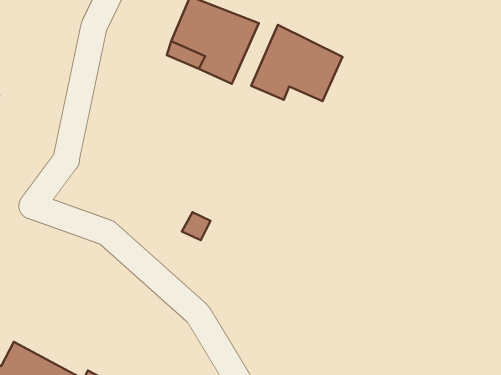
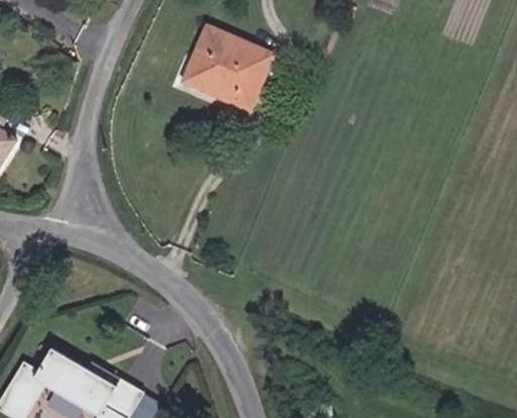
building: [251,25,343,101] -> none

